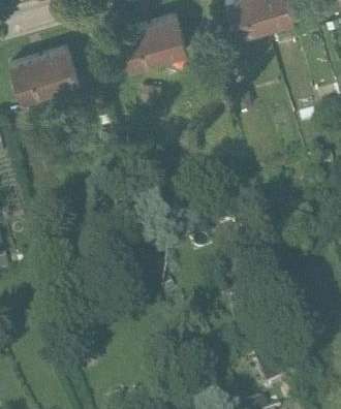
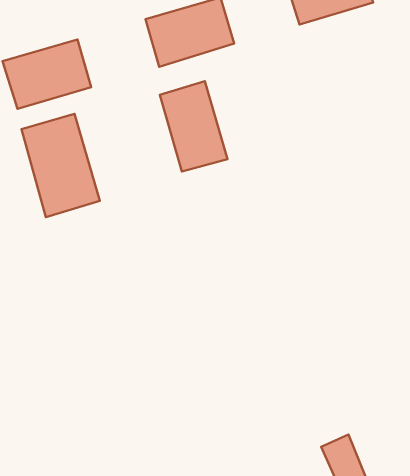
building: none -> [160,81,228,171]
building: none -> [22,114,100,217]

